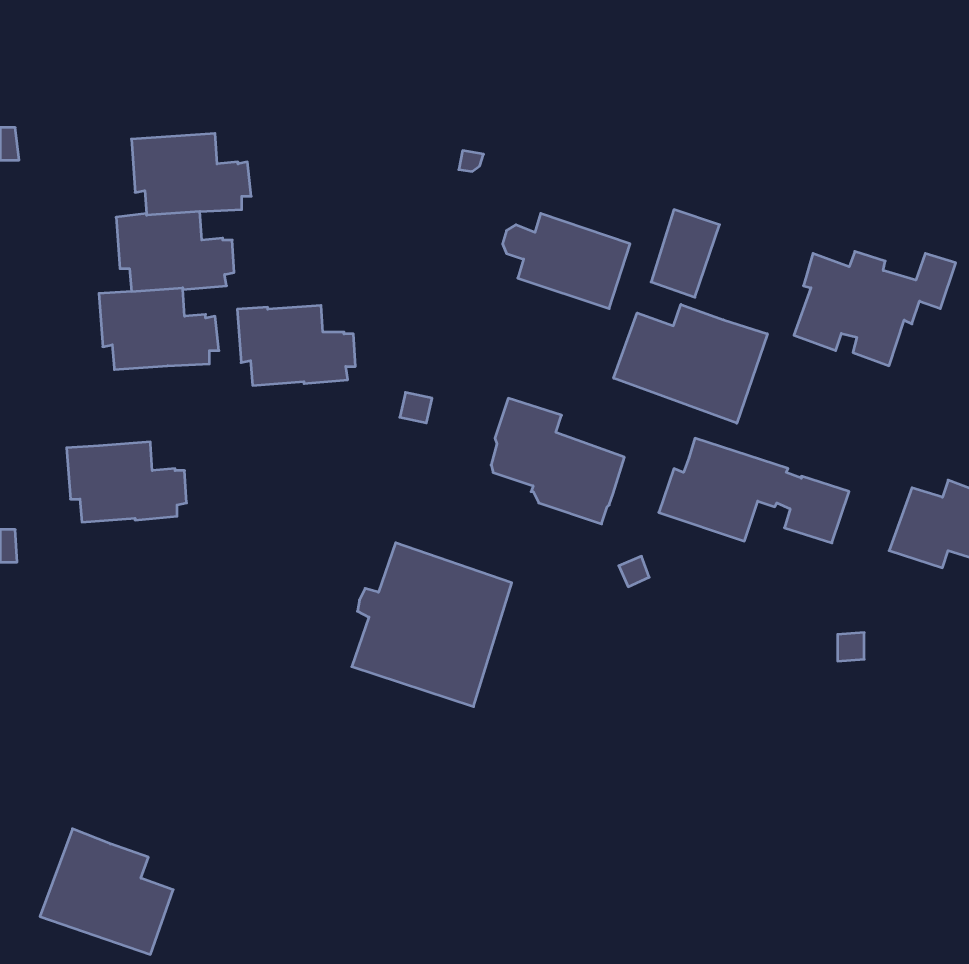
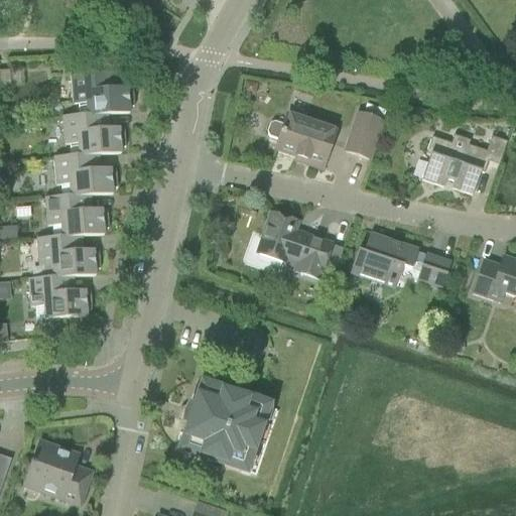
building: [614,304,767,423] -> none
building: [237,305,355,385] -> [46,194,109,236]
building: none -> [29,274,92,317]
building: [352,543,512,707] -> [181,382,266,469]

